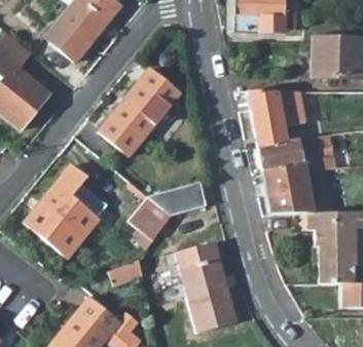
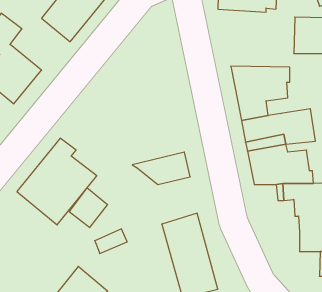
building: [100,69,178,153] -> none
building: [132,196,172,237] -> [69,188,108,227]

